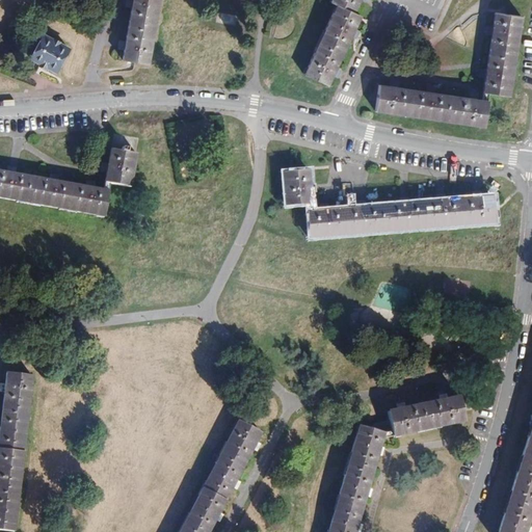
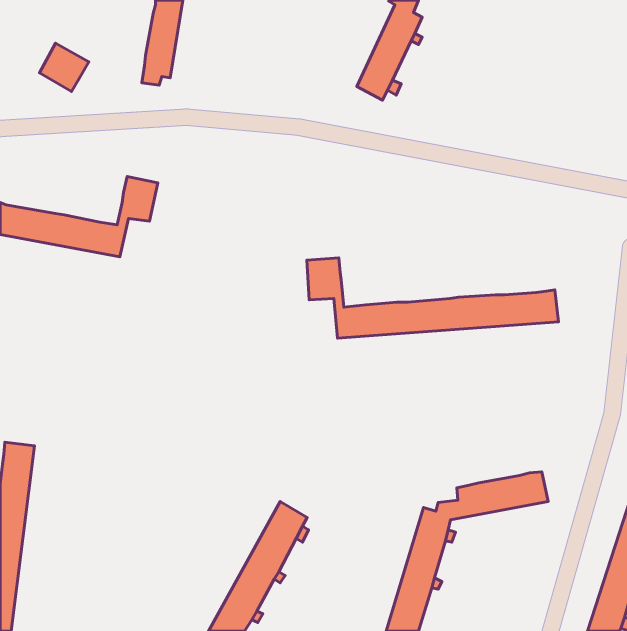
building: [375,9,517,125] -> none
building: [283,169,495,237] -> [307,258,558,338]

